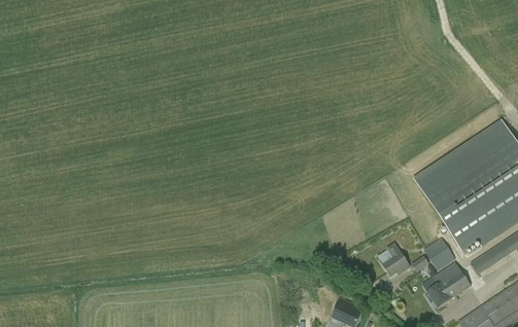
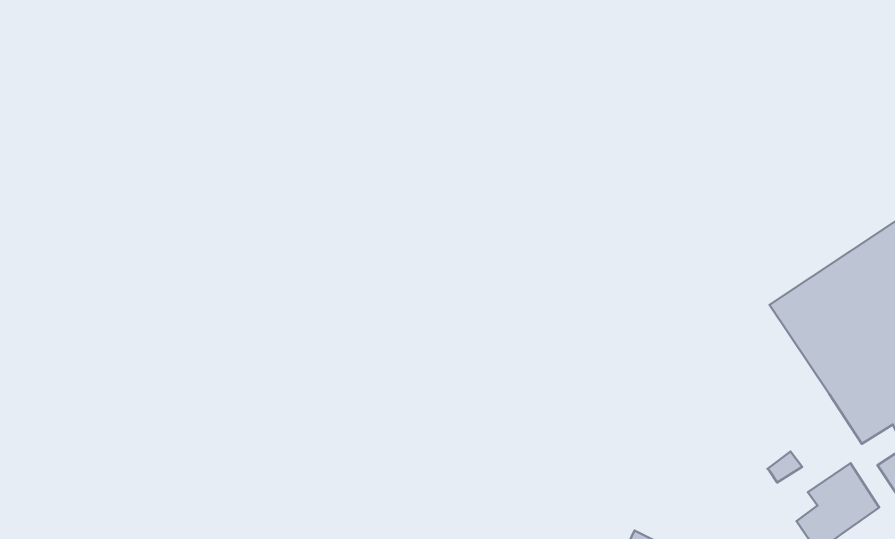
building: [423,238,455,270] -> none
building: [382,243,410,277] -> none

